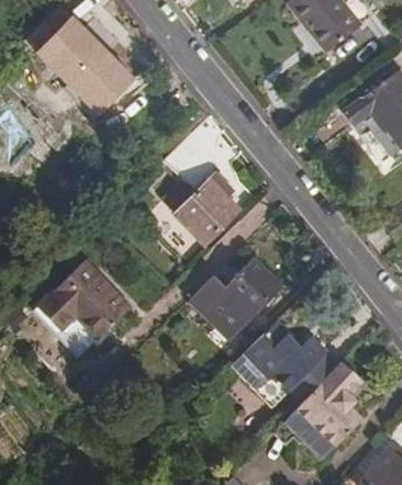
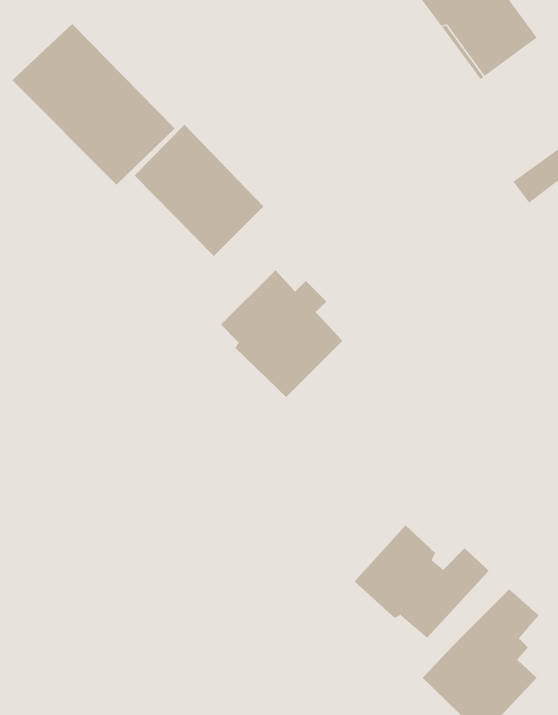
building: none -> [134,124,264,257]
building: [192,259,280,337] -> none
building: [37,262,130,338] -> none

